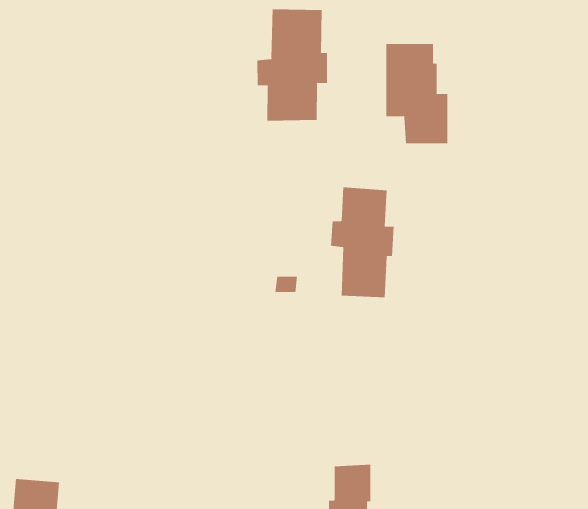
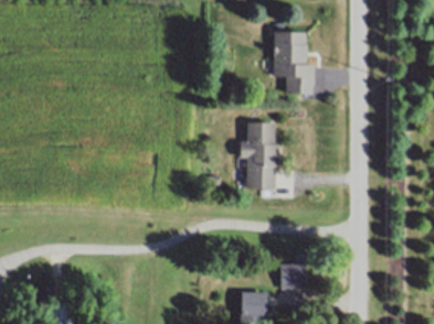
building: [257,9,327,121] -> none
building: none -> [280,263,306,290]

